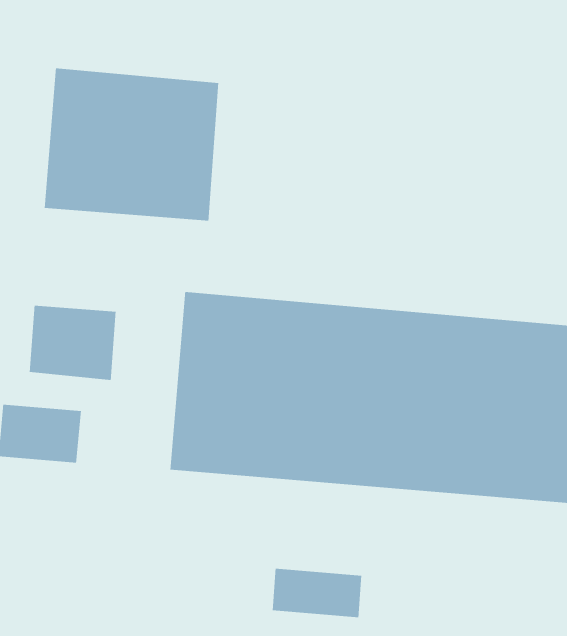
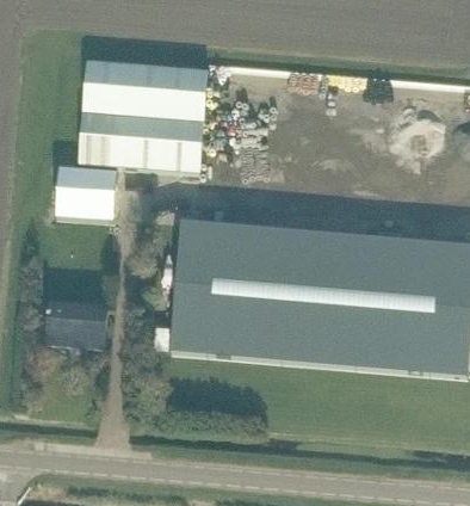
building: [29,305,117,381] -> [52,165,116,220]
building: [272,568,362,618] -> none

